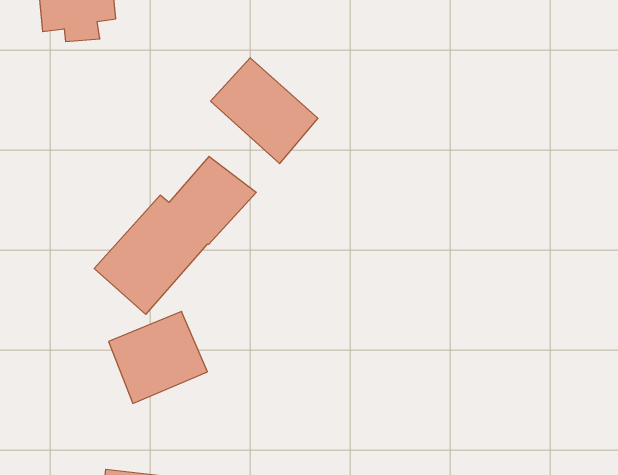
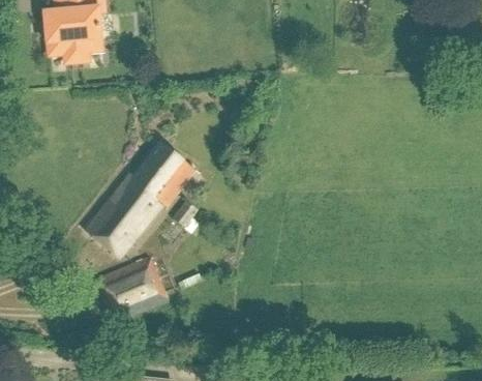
building: [211,58,318,164] -> none

